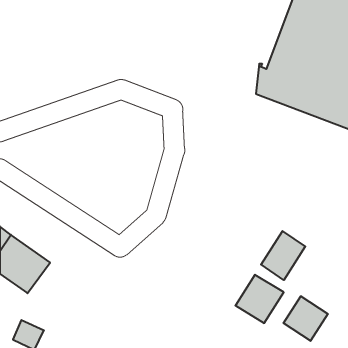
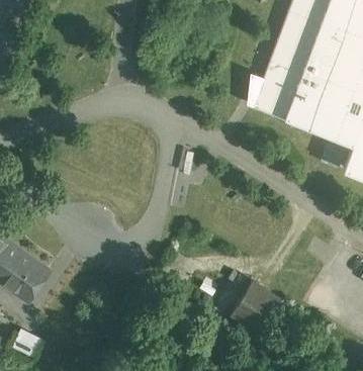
building: [261,231,305,280] -> none
building: [284,296,328,341] -> none

